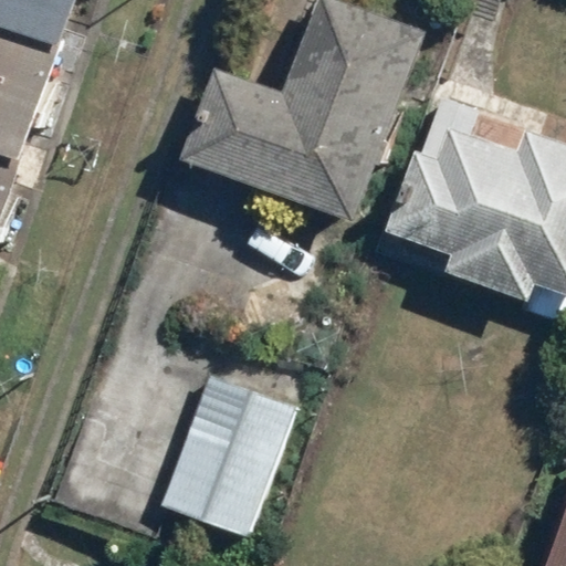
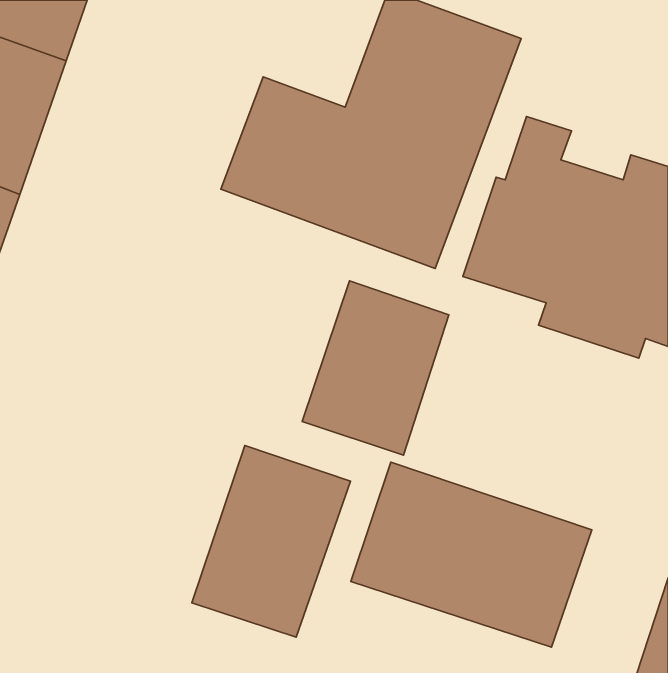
building: none -> [302,281,449,455]
building: none -> [351,462,592,647]

